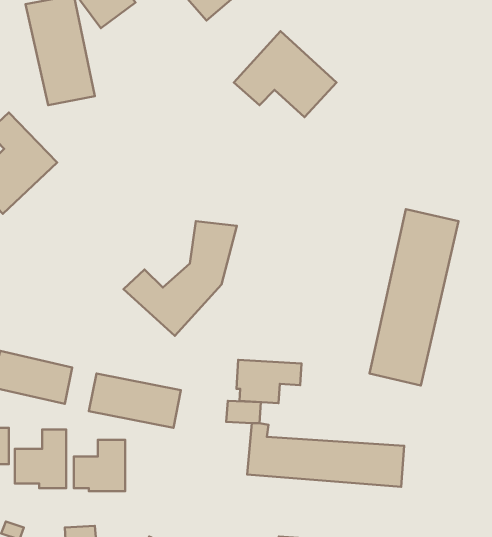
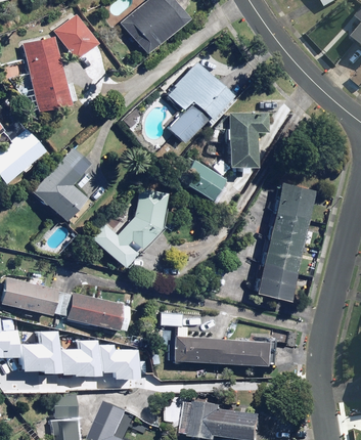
building: none -> [169,104,208,144]
building: none -> [230,112,269,173]
building: none -> [33,148,91,222]
building: none -> [175,157,227,202]
building: [236,360,302,403] -> none
building: none -> [95,344,131,377]

